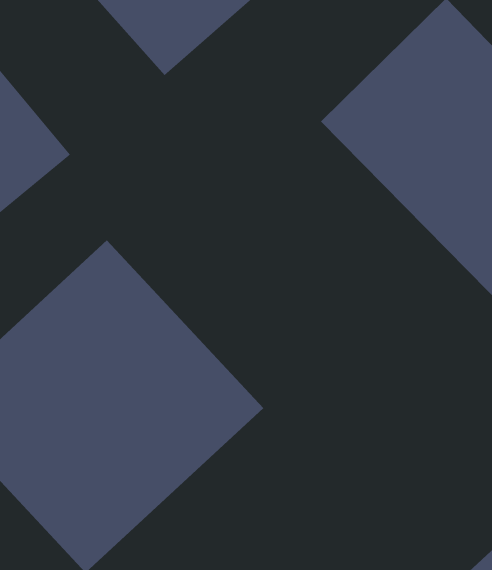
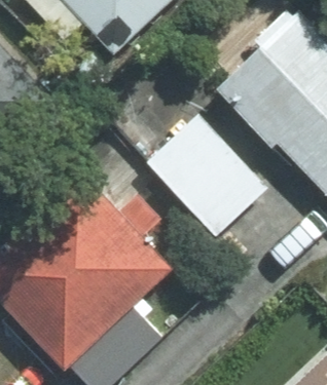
building: none -> [141,112,271,244]

